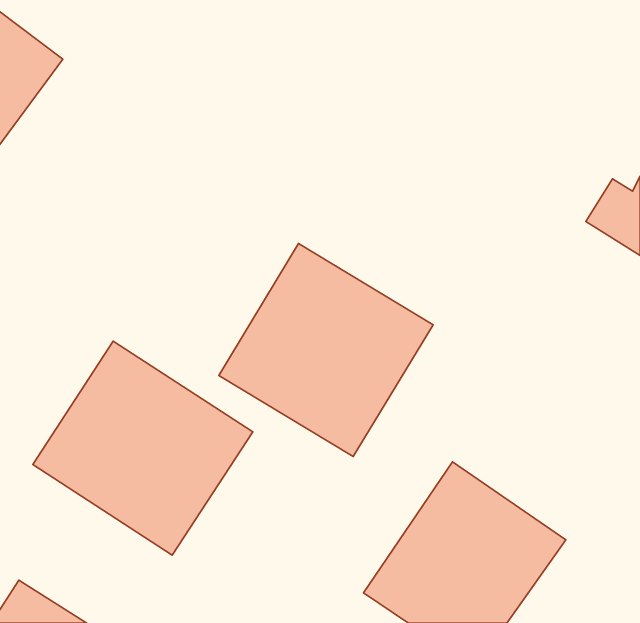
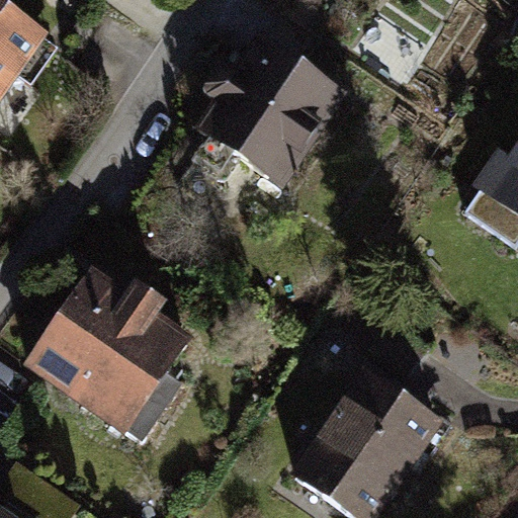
building: none -> [195,29,347,180]
building: [219,244,433,457] -> none

